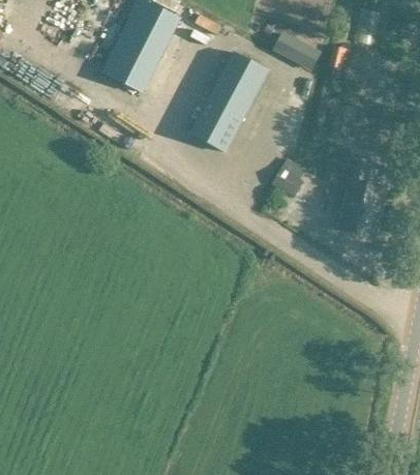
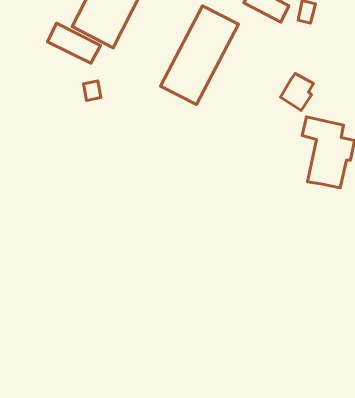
building: none -> [48,23,100,63]
building: [273,158,306,196] -> [281,73,314,110]

